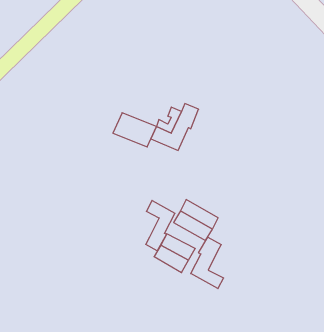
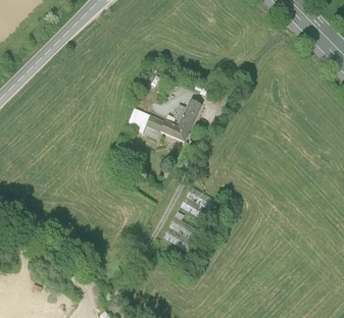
building: [146,200,175,251] -> none
building: [191,237,224,289] -> none

